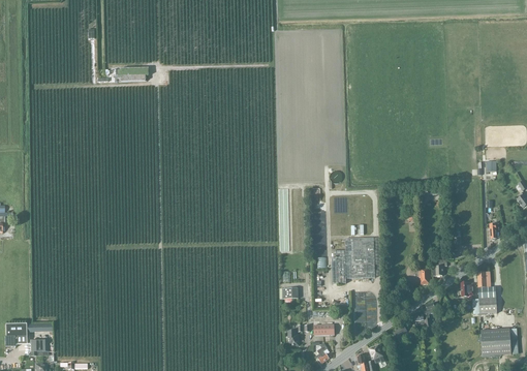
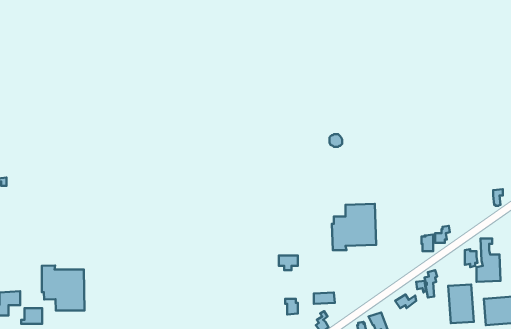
building: none -> [42,265,84,311]
building: none -> [448,285,474,323]

